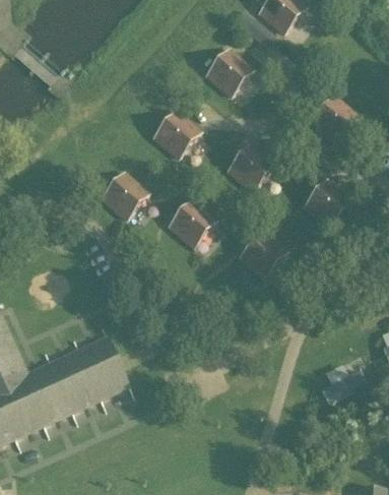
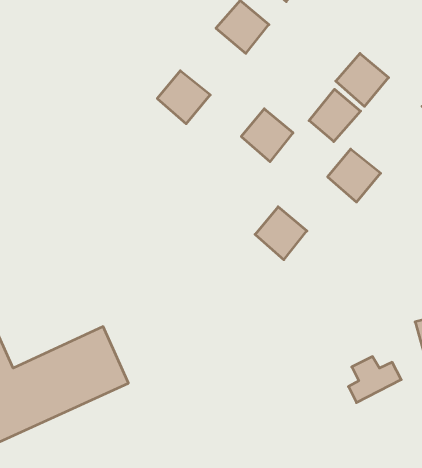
building: none -> [309,89,361,142]
building: [101,172,146,219] -> none
building: [168,200,214,246] -> none

